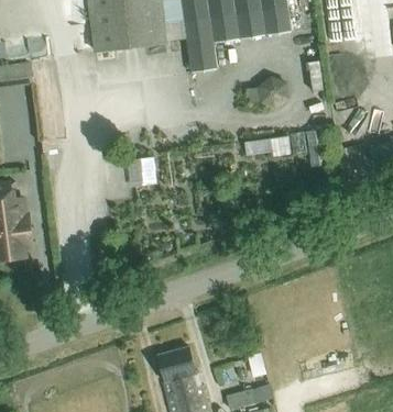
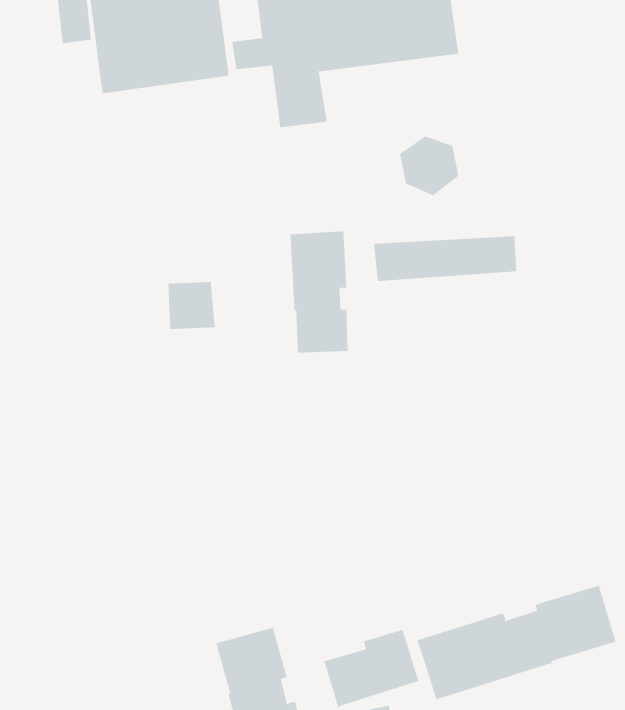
building: none -> [290,231,348,354]
building: none -> [417,585,616,700]

